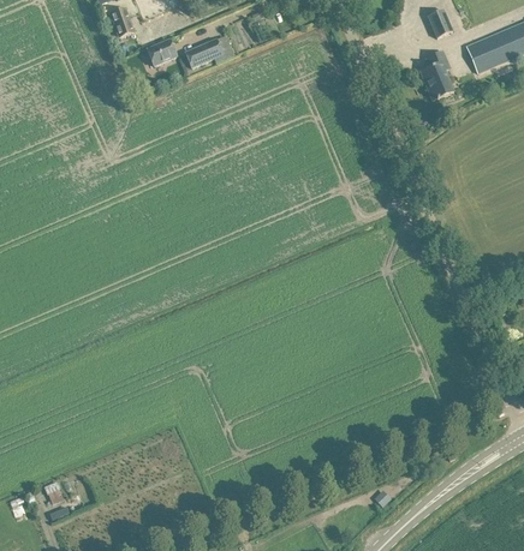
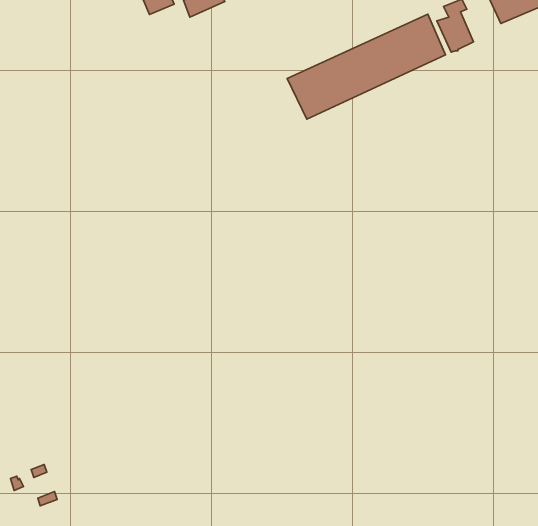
building: none -> [287,14,446,119]

